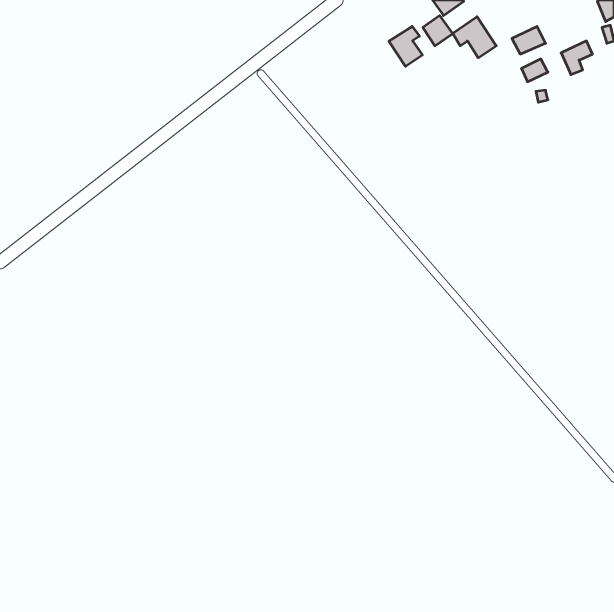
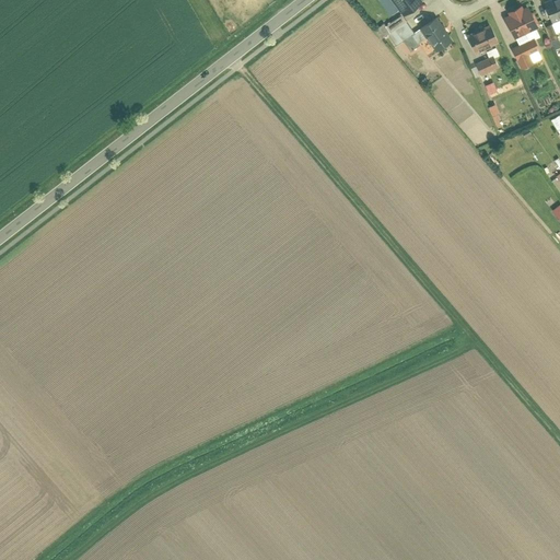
building: none -> [503,7,538,38]
building: [389,26,422,66] -> none

